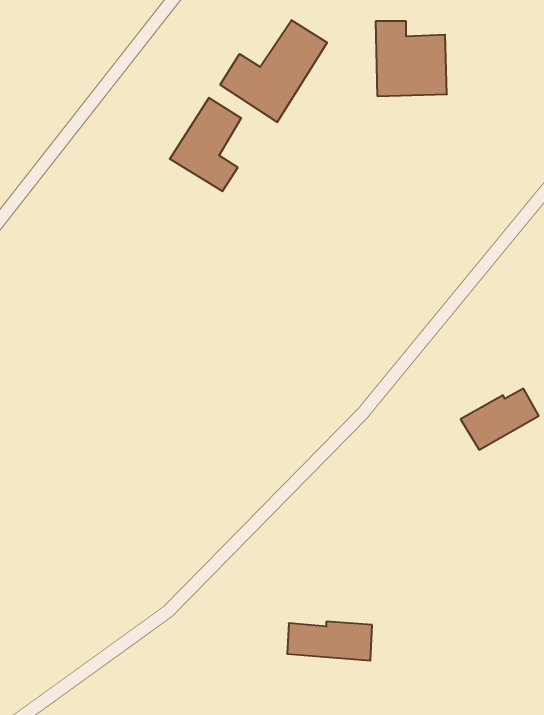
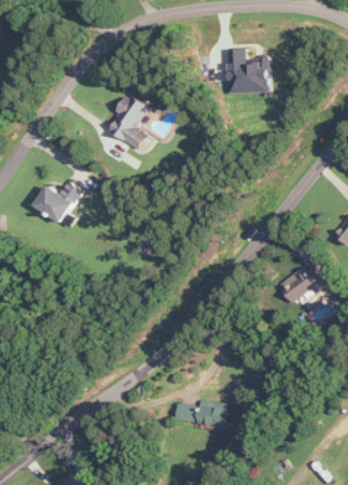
building: [220,20,327,122] -> none
building: none -> [32,181,81,223]

